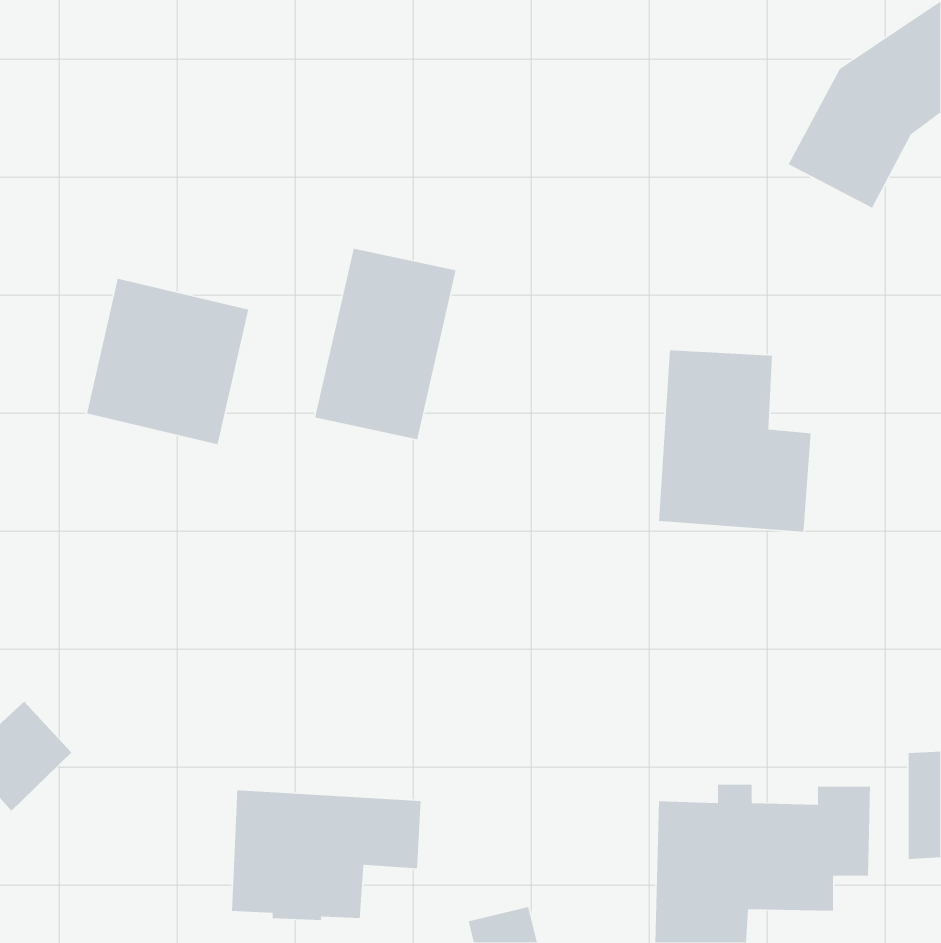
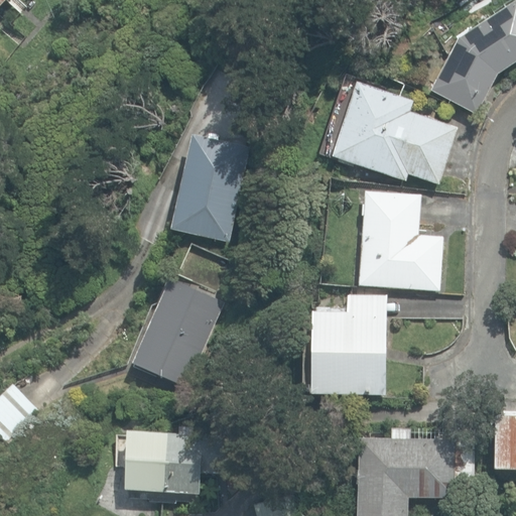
building: none -> [333,82,457,183]
building: [86,278,249,445] -> none
building: none -> [132,277,224,386]
building: none -> [311,294,387,394]

